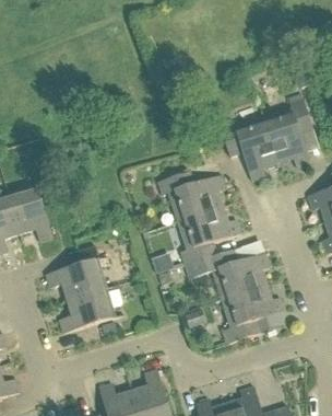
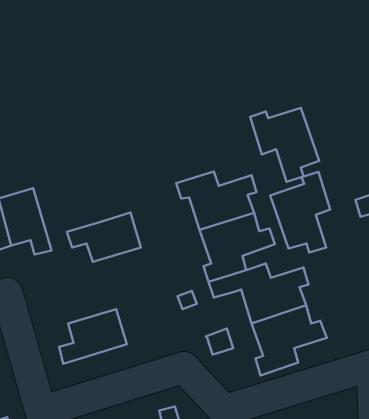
building: [263,97,313,165] -> [270,172,330,253]
building: [46,257,108,299] -> [67,212,141,262]

